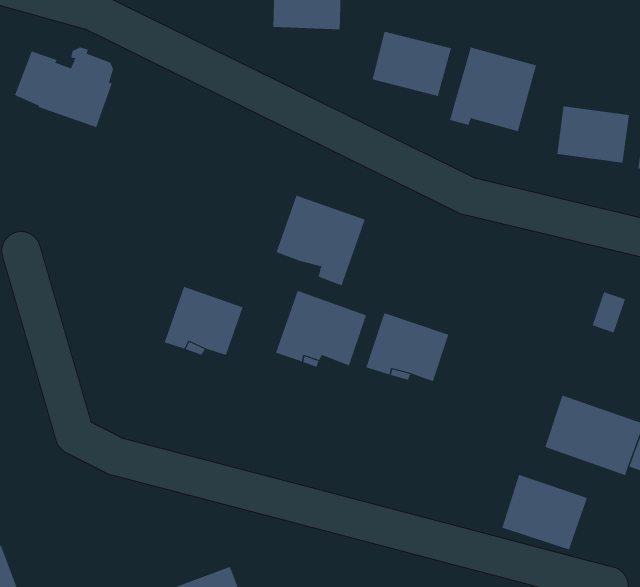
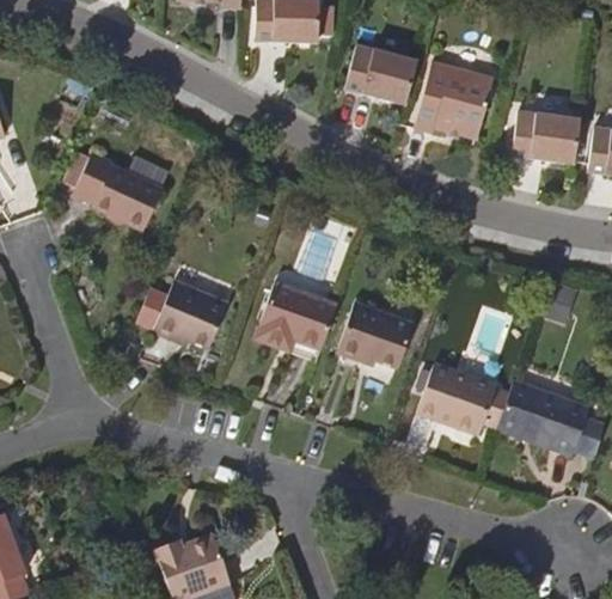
building: [14,47,114,128] -> [72,147,163,221]
building: [276,195,366,286] -> none
building: [502,474,588,550] -> [420,361,498,430]

